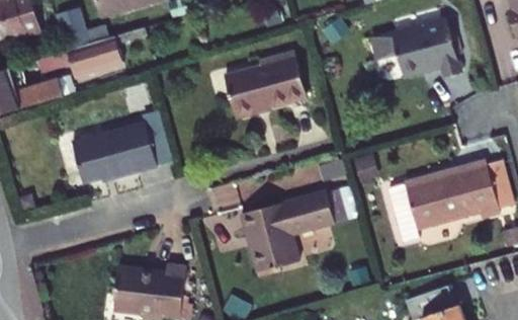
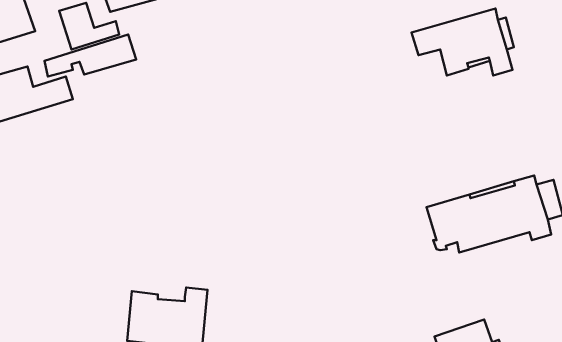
building: [226,46,308,114] -> none
building: [73,121,161,182] -> none
building: [244,189,338,272] -> none

